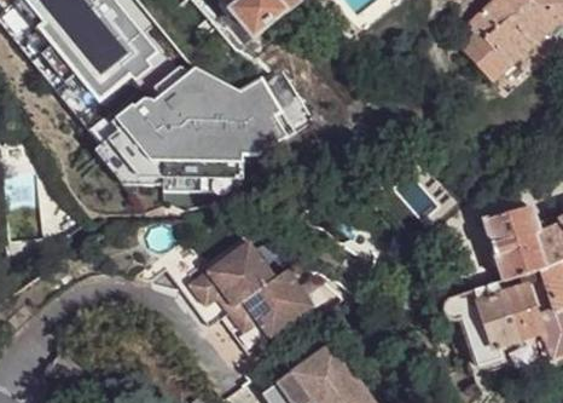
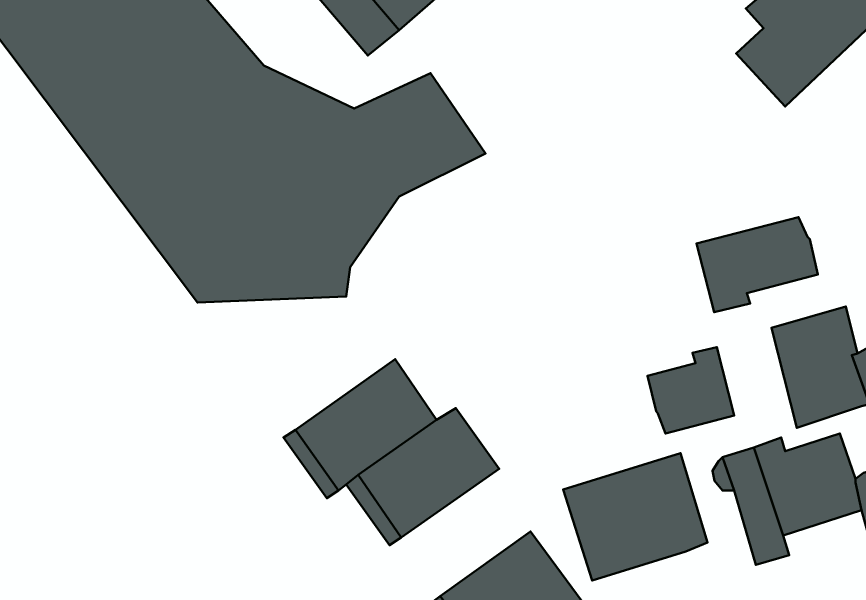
building: none -> [697,217,818,312]
building: none -> [648,347,734,433]
building: none -> [563,453,708,580]

